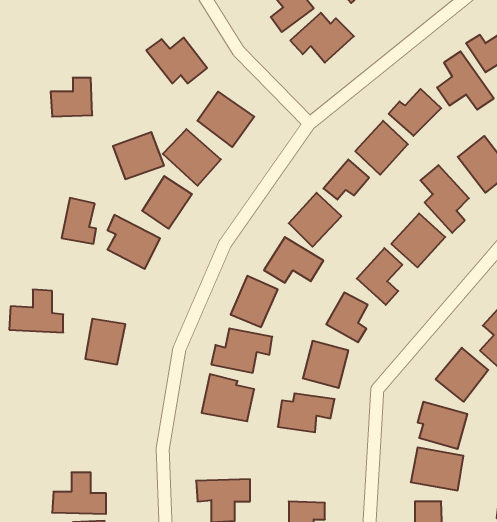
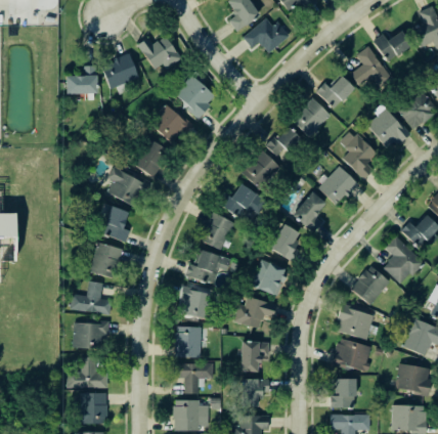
building: [113,132,164,179] -> [101,54,139,89]
building: [62,198,96,244] -> [104,207,130,241]
building: [9,290,63,332] -> [71,281,111,313]
building: none -> [74,322,107,348]
building: none -> [176,327,202,357]
building: none -> [242,341,269,372]

